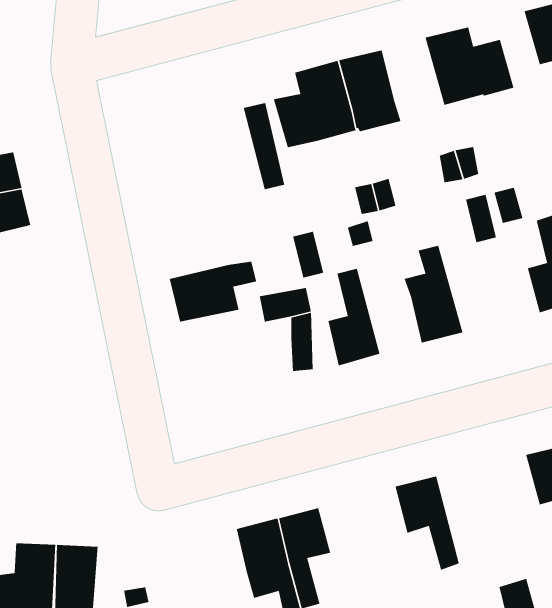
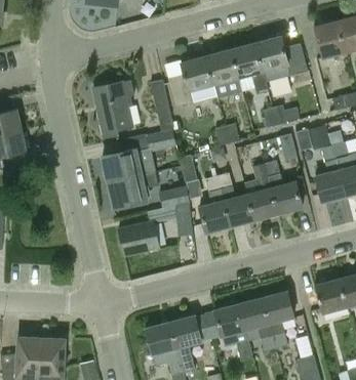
building: none -> [231,42,269,94]
building: none -> [93,81,134,137]
building: none -> [102,131,175,182]
building: none -> [264,160,303,214]
building: none -> [216,173,253,226]
building: none -> [118,208,161,256]
building: none -> [263,291,293,349]
building: none -> [214,303,252,358]

